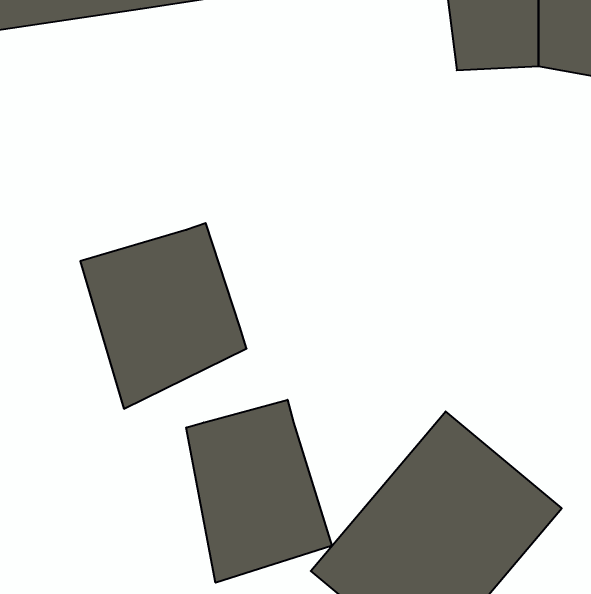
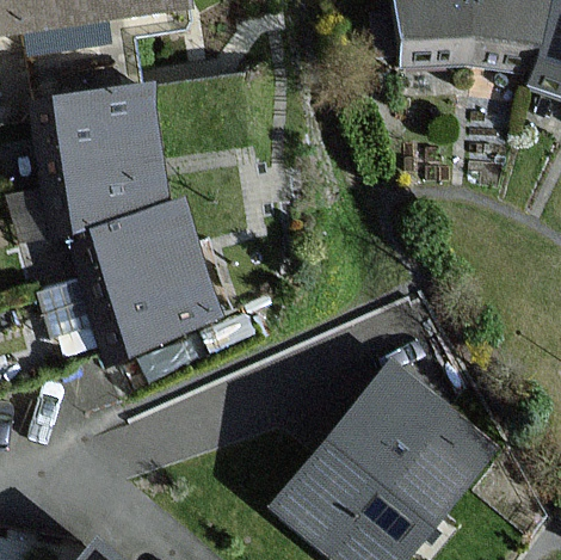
building: none -> [33,85,167,239]
building: [186,400,332,583] -> none

